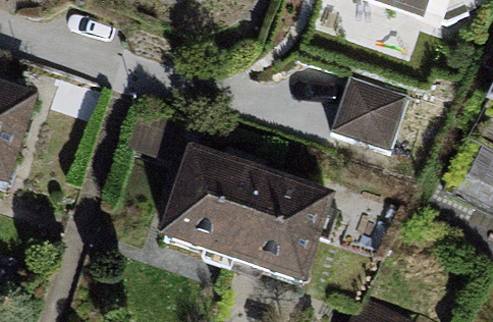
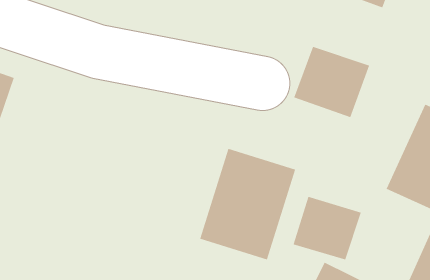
building: [154,145,266,267] -> none
building: none -> [292,196,362,261]

